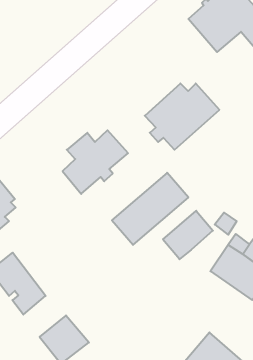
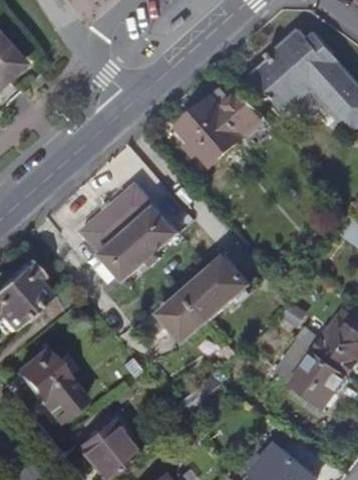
building: [145,83,219,150] -> [177,86,266,165]
building: none -> [80,184,153,253]
building: [163,211,213,259] -> none

